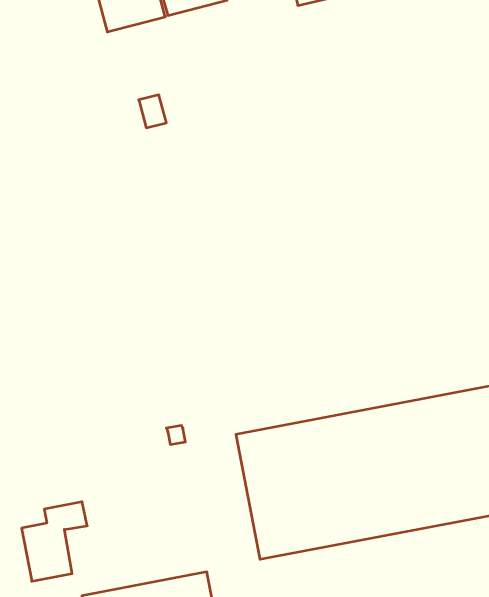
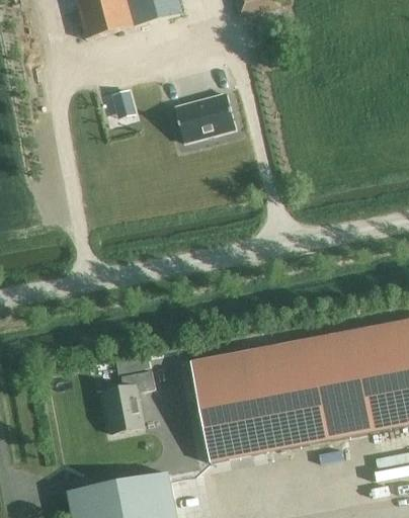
building: none -> [174,93,235,142]
building: [22,502,87,581] -> [102,369,155,433]

